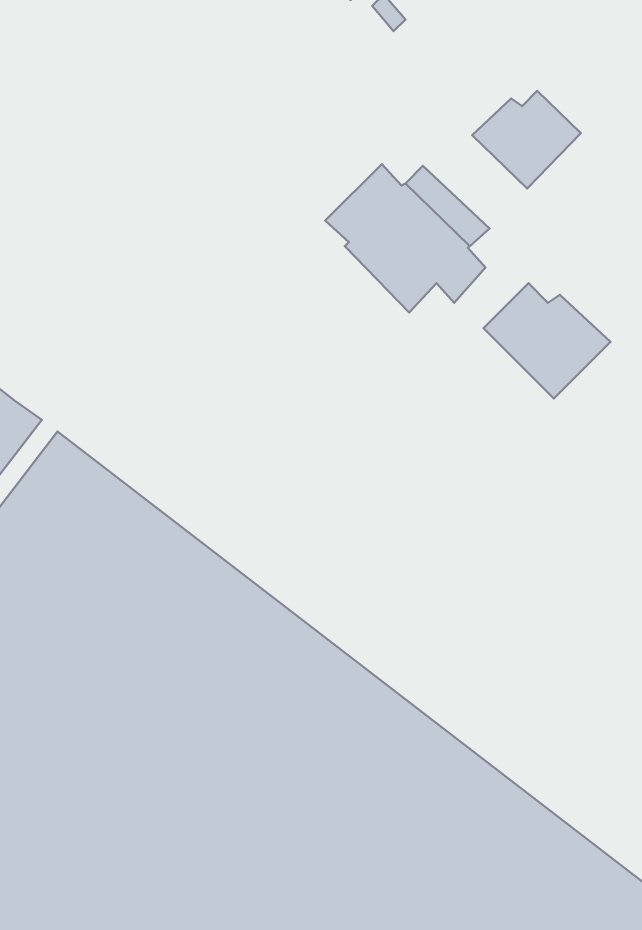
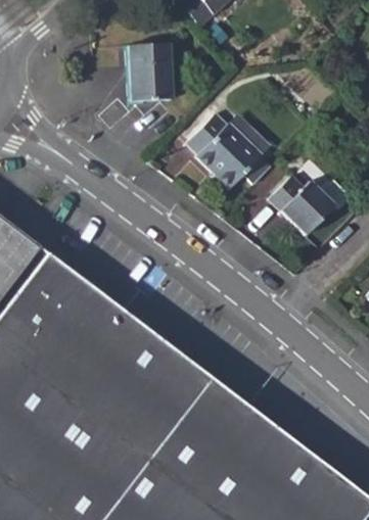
building: none -> [129,44,174,103]
building: [472,91,581,188] -> none

